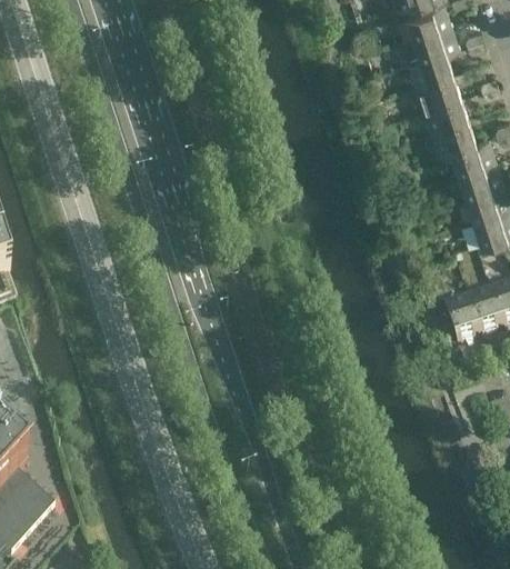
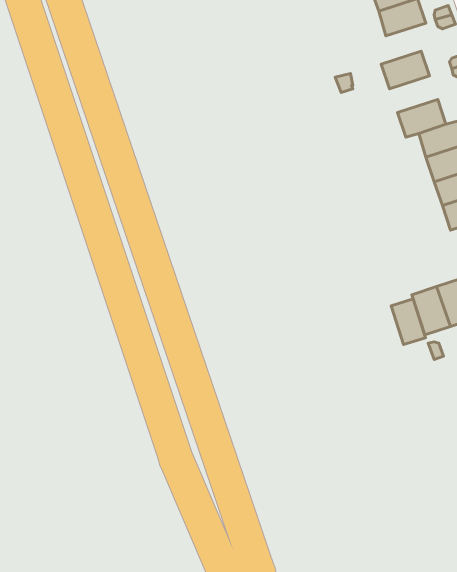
building: [404,43,453,82] -> none
building: [419,93,464,128] -> none
building: none -> [391,299,426,345]

